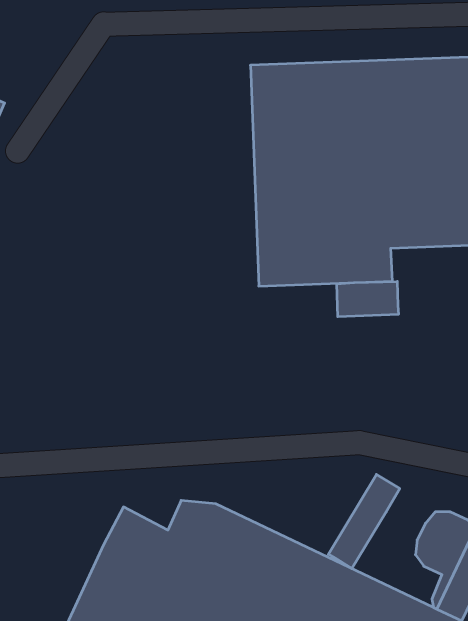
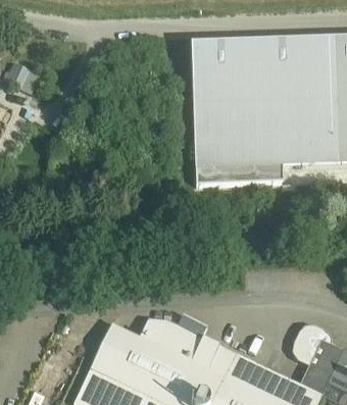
building: [337,281,398,317] -> none
building: [328,474,400,569] -> none

